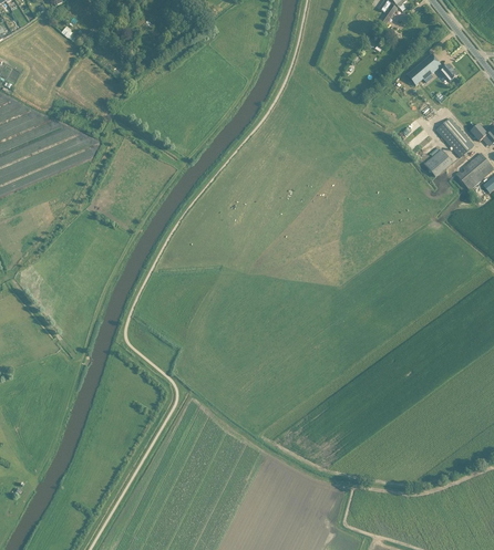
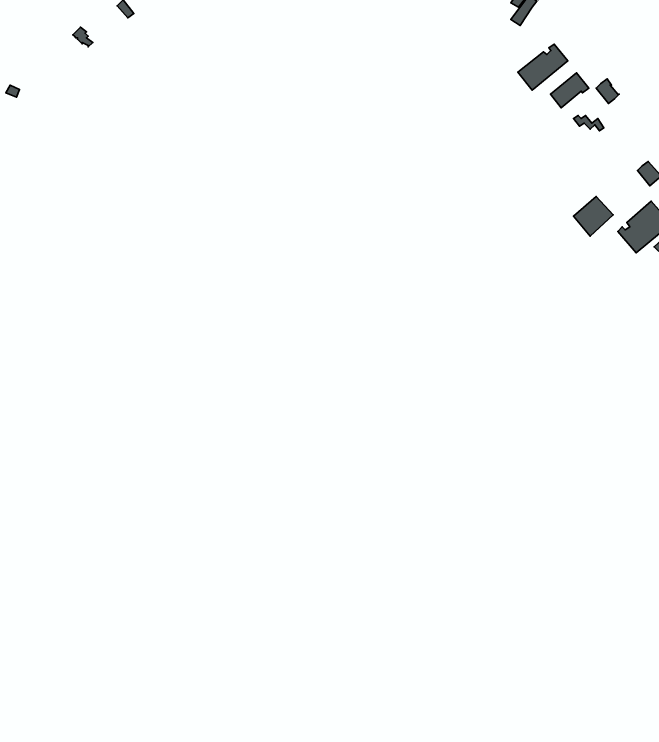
building: none -> [518,44,568,90]
building: [435,117,473,157] -> none

